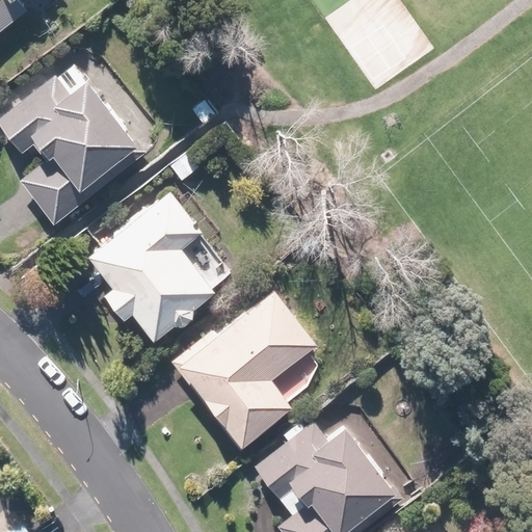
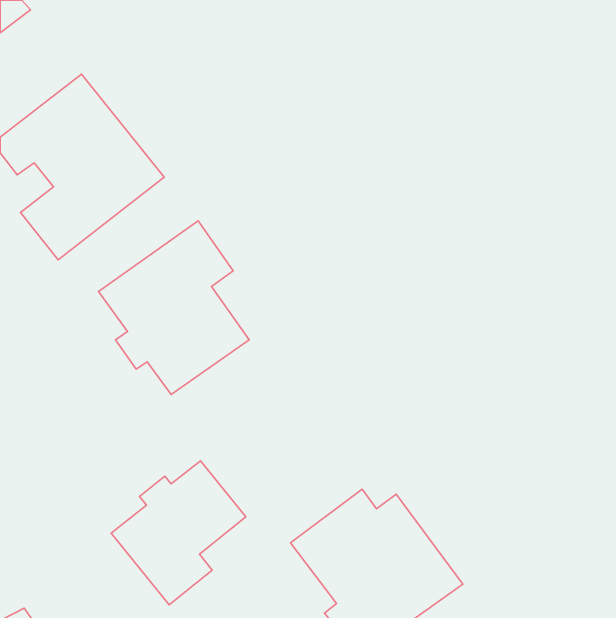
building: [171,289,318,449] -> none
building: none -> [111,461,246,605]

